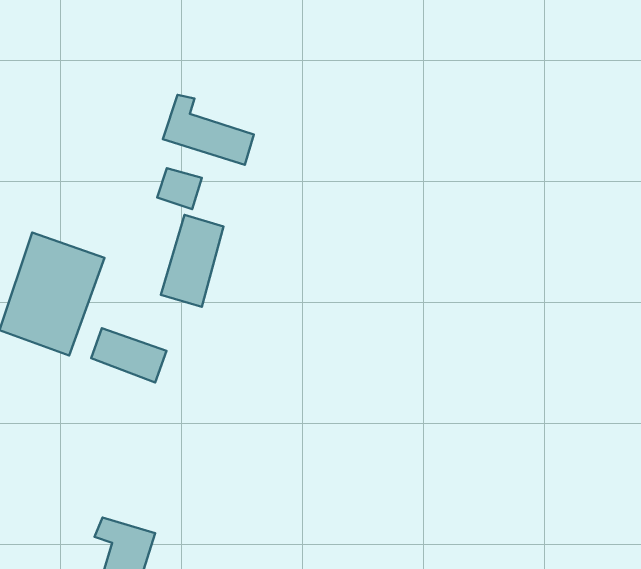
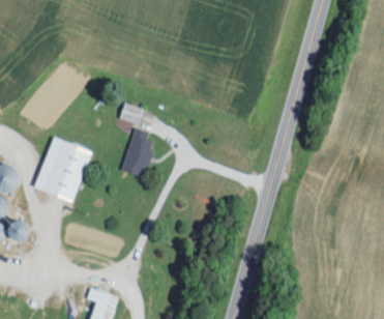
building: [163,95,254,165] -> none
building: [91,328,167,382] -> none

